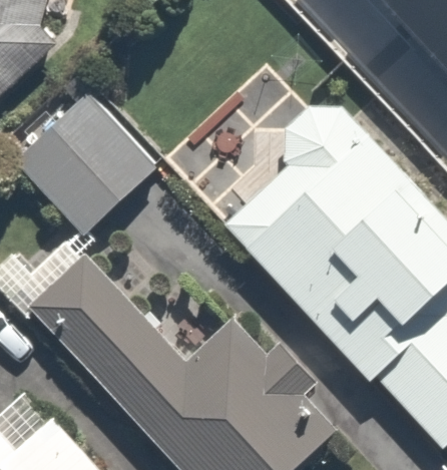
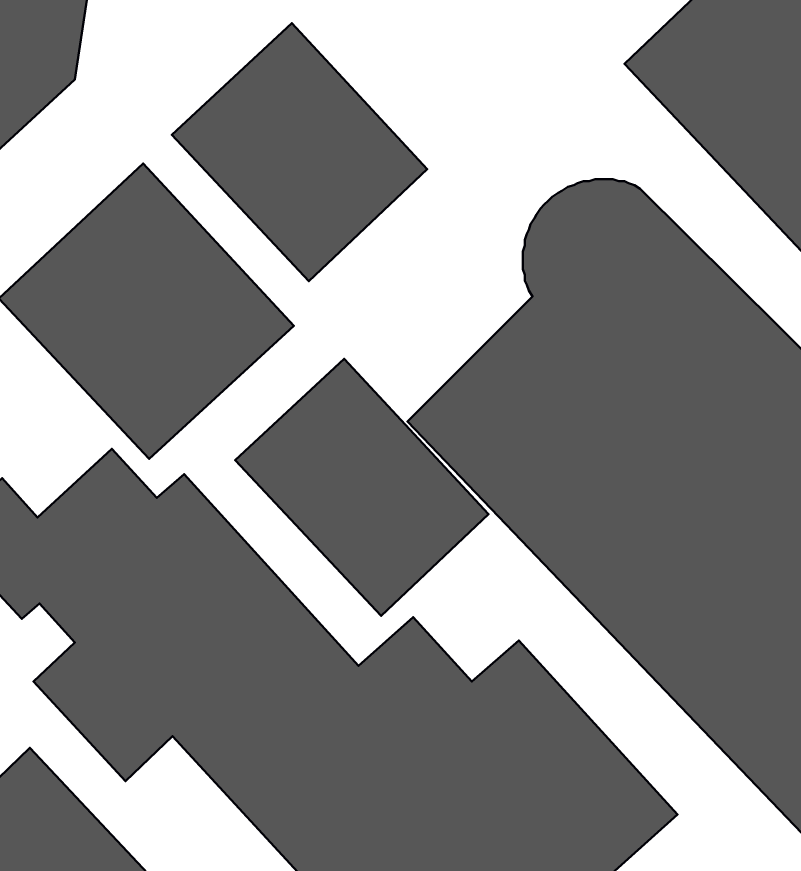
building: none -> [172,23,427,281]
building: none -> [235,359,488,616]

